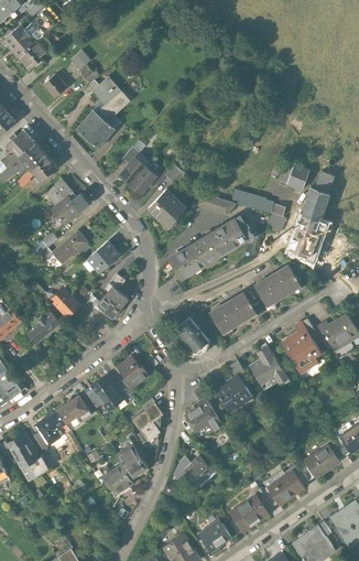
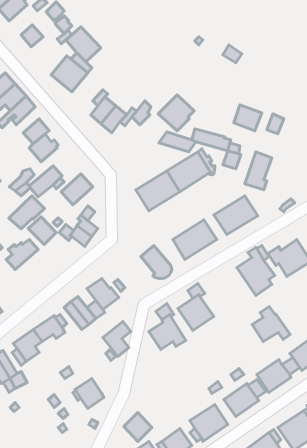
building: [149,186,188,226] -> [158,95,194,131]
building: [302,187,328,220] -> none
building: none -> [9,196,44,229]
building: [249,344,291,382] -> [252,307,290,341]
building: [116,444,149,481] -> none
building: [184,453,215,485] -> [124,413,152,441]

